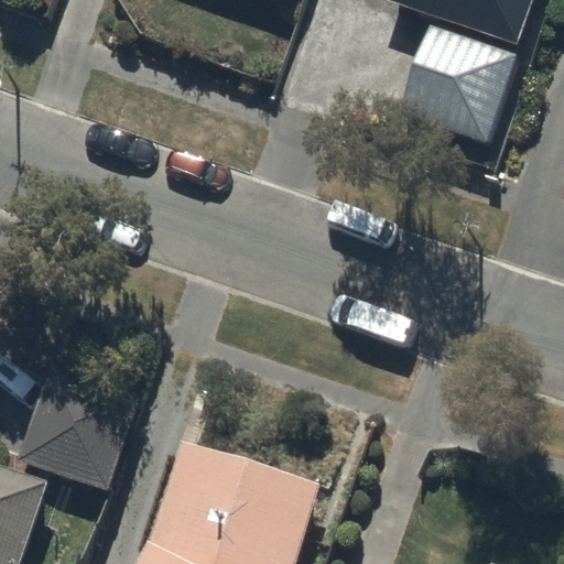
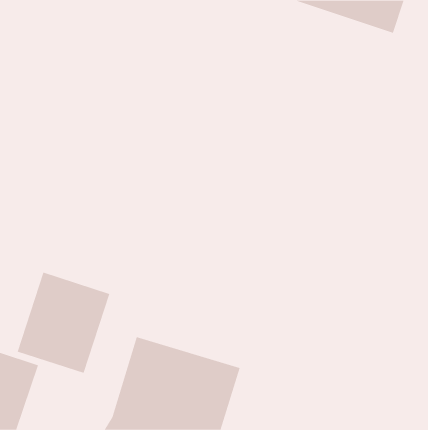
building: [398,26,513,144] -> none

